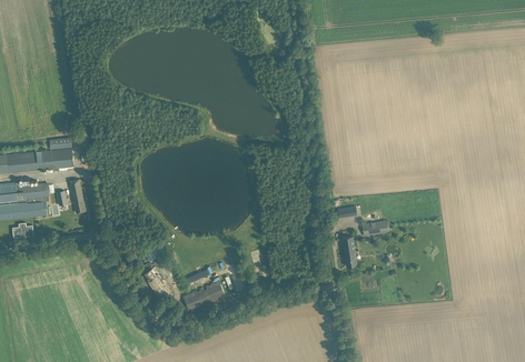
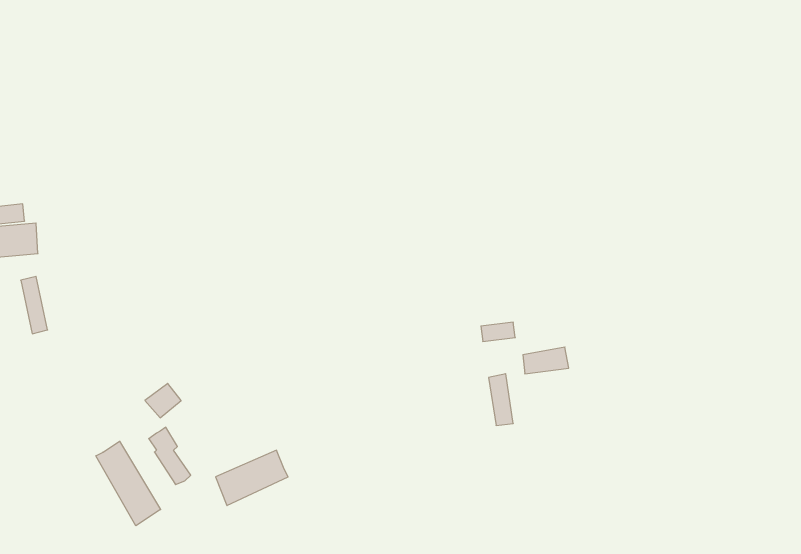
building: none -> [96,441,161,526]

